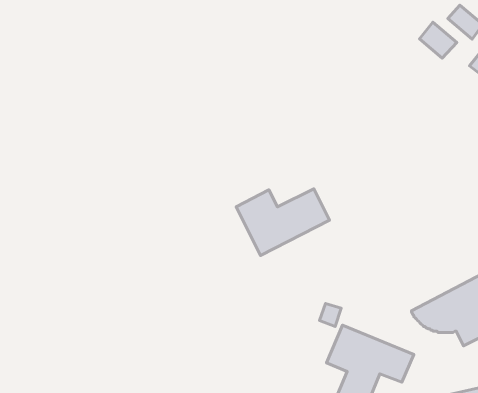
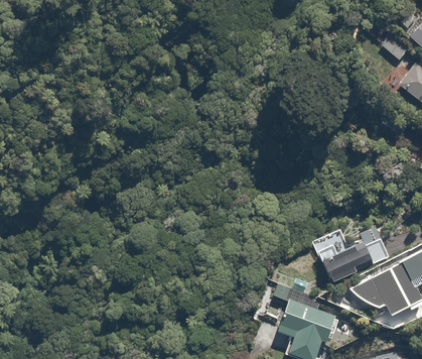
building: [419,22,457,58] -> none
building: [236,189,330,255] -> [312,226,390,281]

